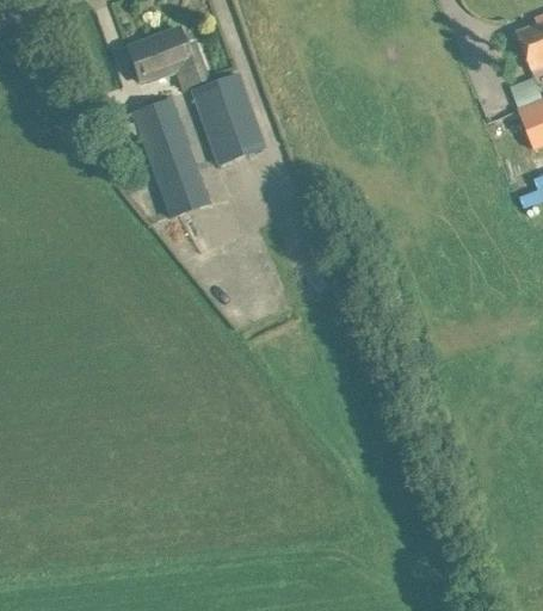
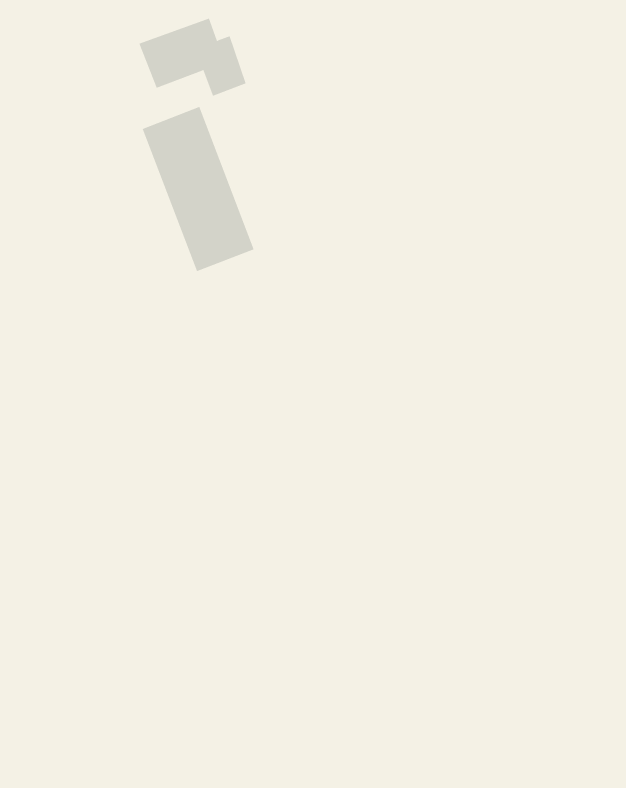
building: [191,72,266,163] -> none

